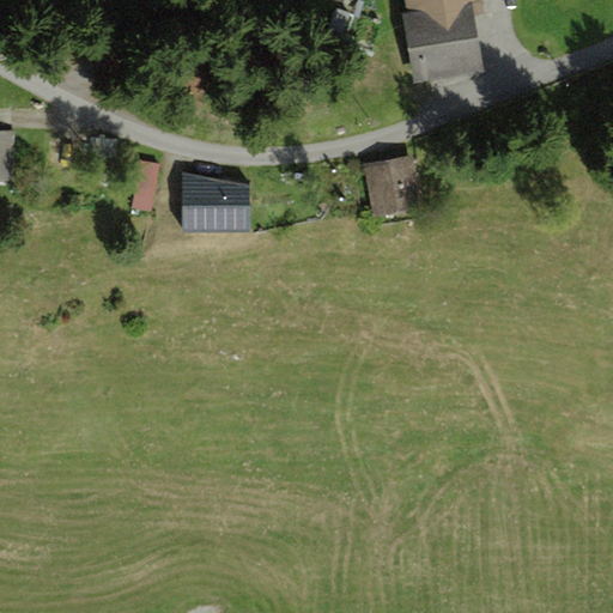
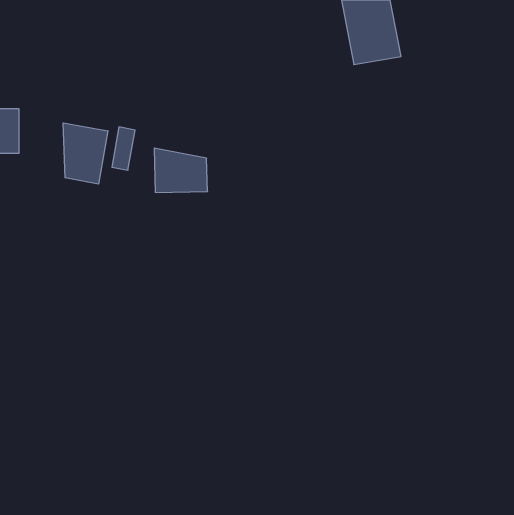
building: none -> [63,123,108,184]
building: [366,159,413,212] -> none

